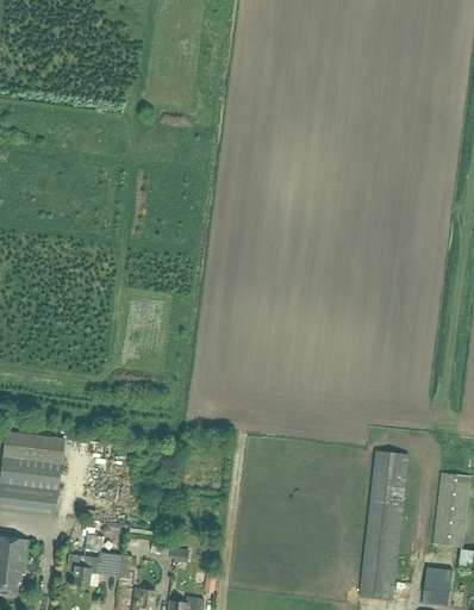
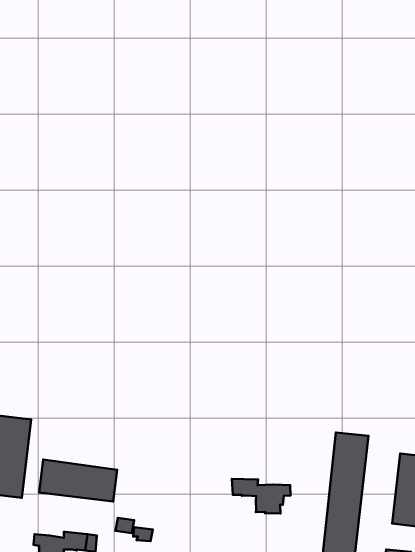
building: none -> [39,460,117,501]
building: none -> [232,479,290,514]

